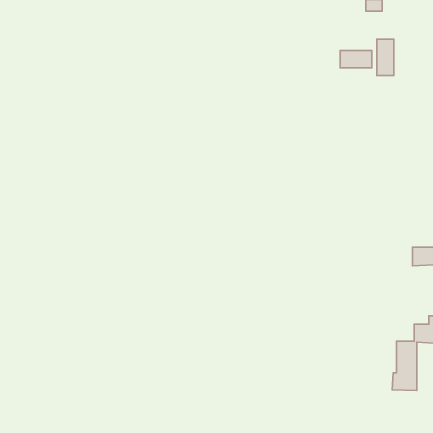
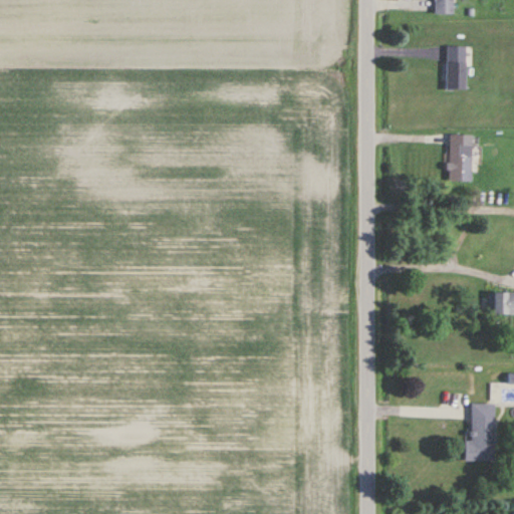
building: [340,51,372,68] -> none
building: none -> [448,135,473,182]

